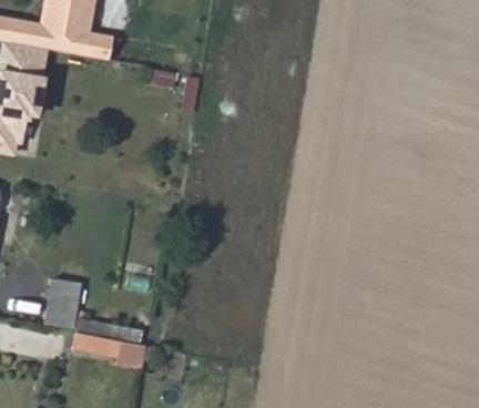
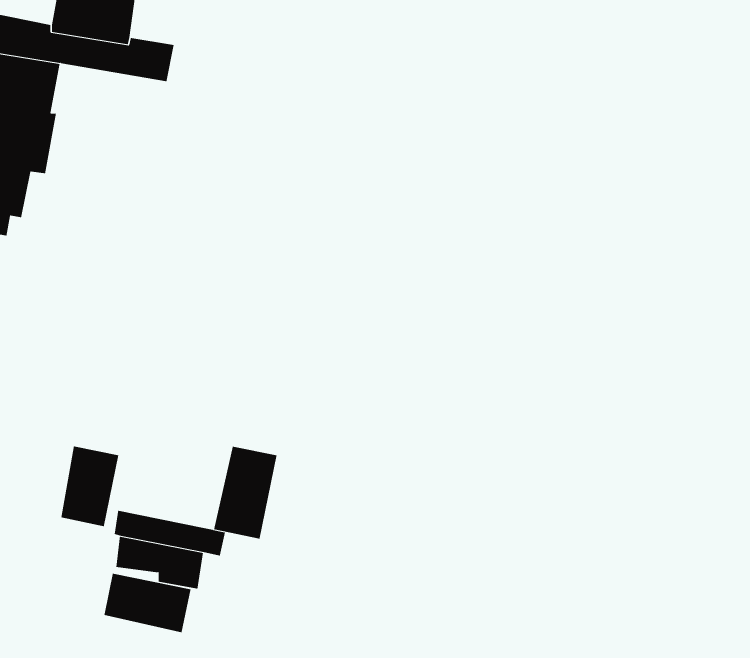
building: none -> [214,446,277,539]
building: none -> [104,573,191,633]

